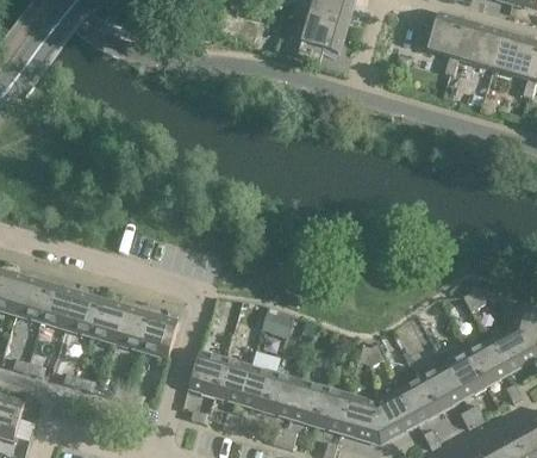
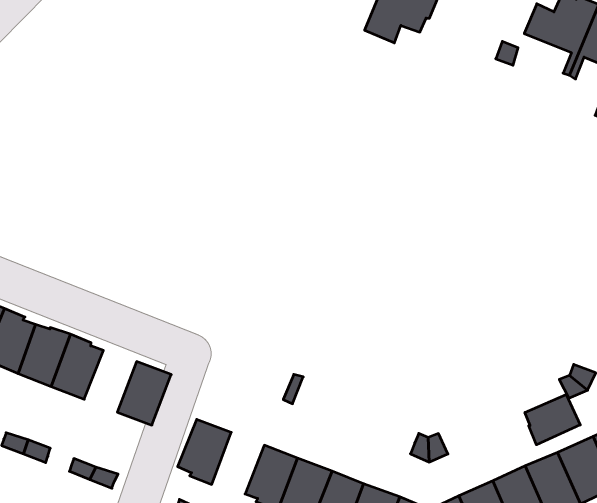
building: [117,308,152,352] -> none
building: none -> [525,395,580,445]
building: [216,359,251,403] -> none

